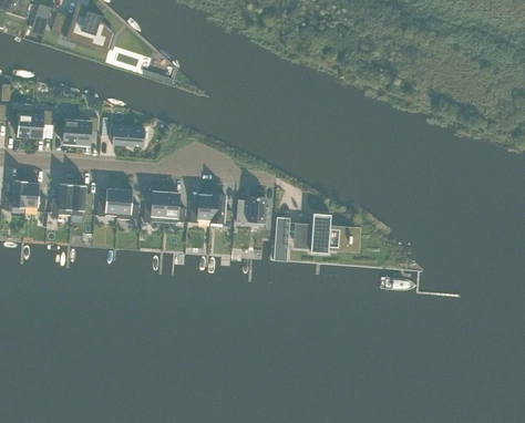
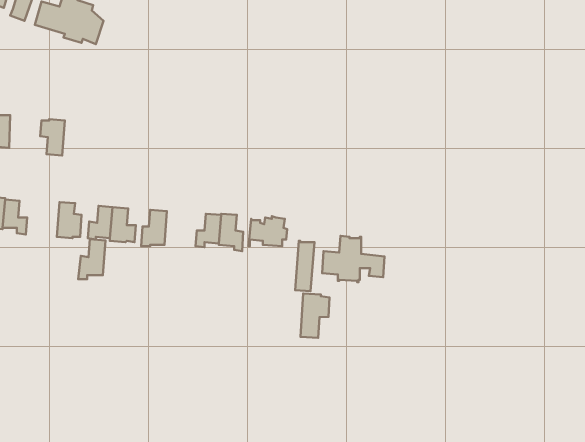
building: [29,110,50,137] -> none
building: [74,114,96,145] -> none
building: [110,126,143,146] -> none
building: [49,183,72,217] -> [78,239,105,279]
building: [162,192,184,221] -> none
building: none -> [301,294,329,338]

